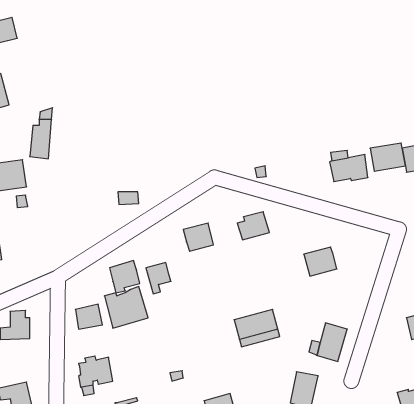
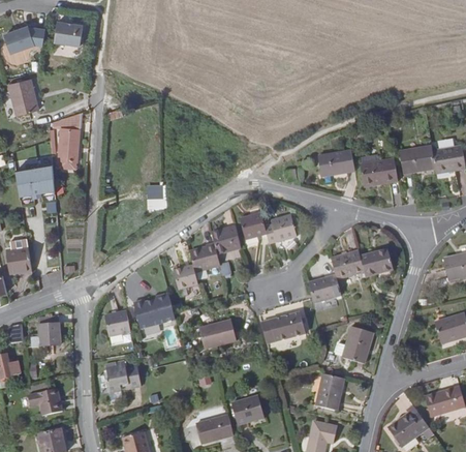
building: none -> [54,19,83,43]
building: none -> [315,151,351,175]
building: none -> [240,213,267,240]
building: none -> [360,248,394,276]
building: [110,261,140,293] -> [190,245,220,277]
building: none -> [309,278,341,303]
building: none -> [199,320,236,350]

